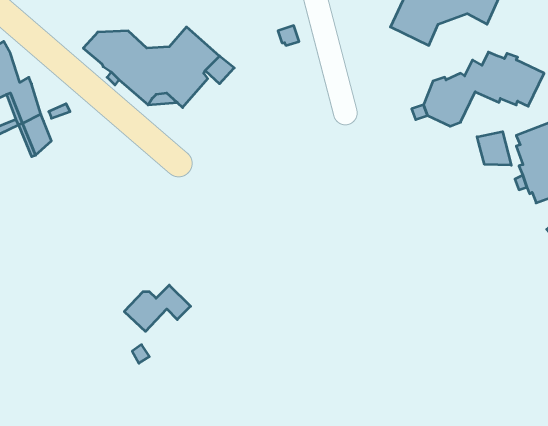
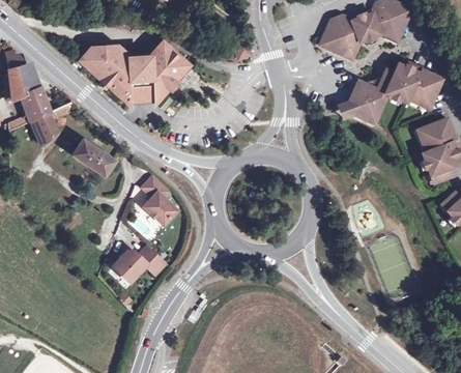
building: [477,132,511,165] -> none
building: none -> [71,140,115,176]
building: none -> [142,177,176,225]

